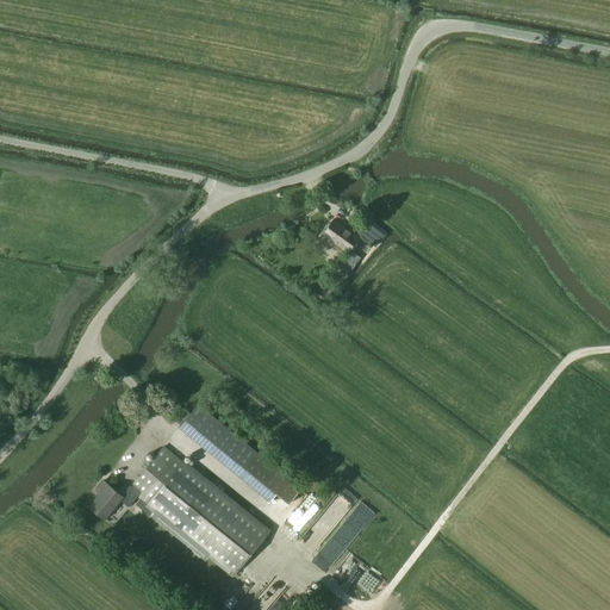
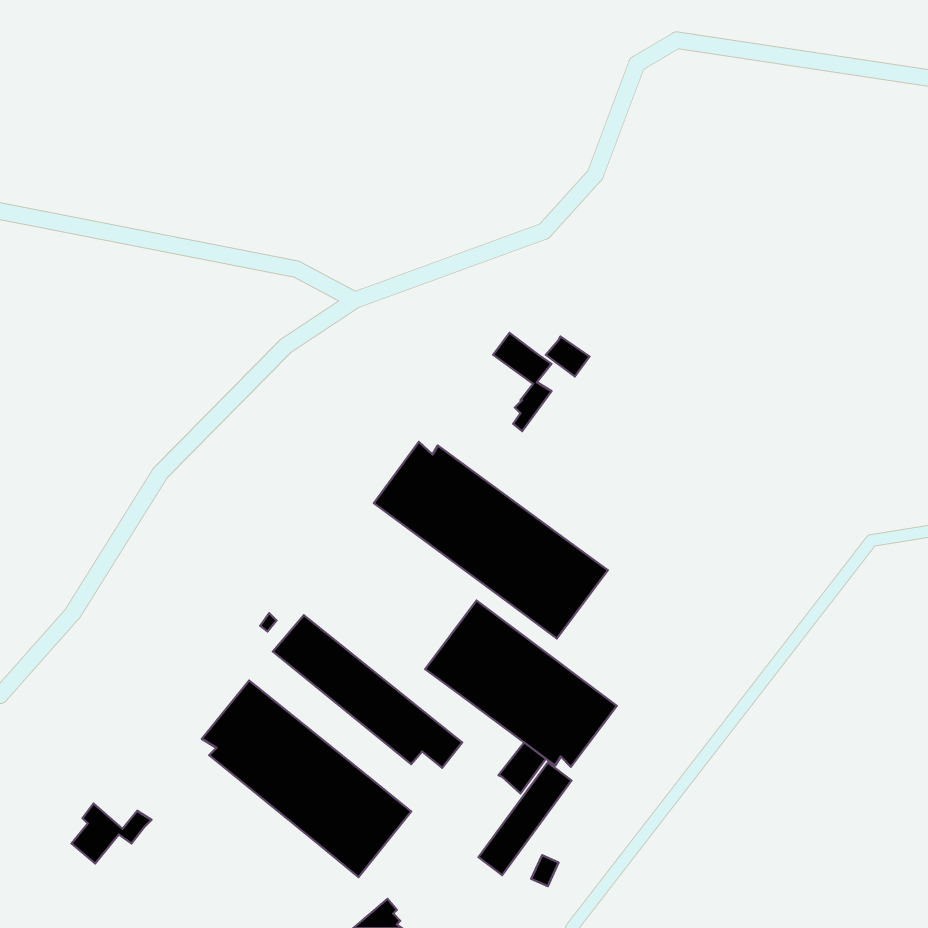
building: none -> [374,442,608,638]
building: none -> [425,601,617,767]
building: [91,479,143,518] -> [72,803,152,863]

